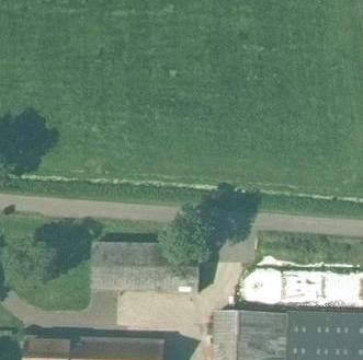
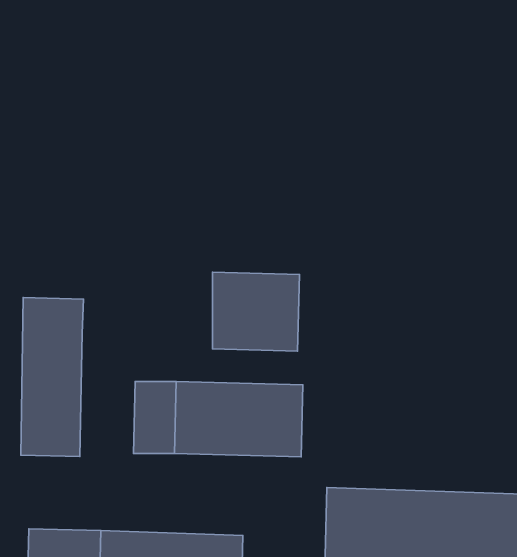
building: none -> [213,272,299,351]
building: none -> [21,298,84,456]

